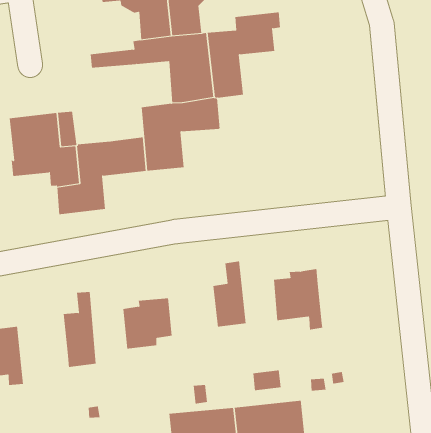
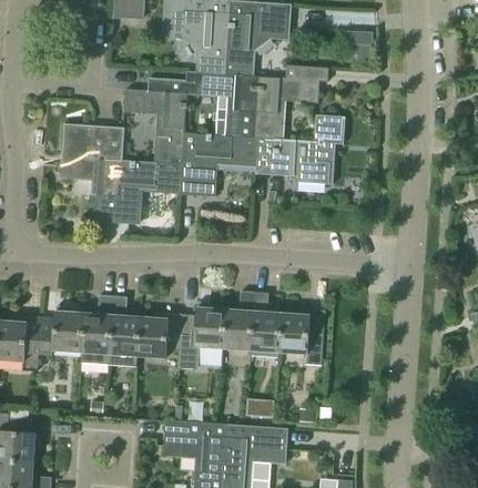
building: none -> [254,114,345,184]
building: none -> [122,90,187,162]
building: none -> [250,291,281,352]
building: none -> [179,302,224,369]
building: none -> [105,296,138,366]
building: none -> [37,306,82,355]

